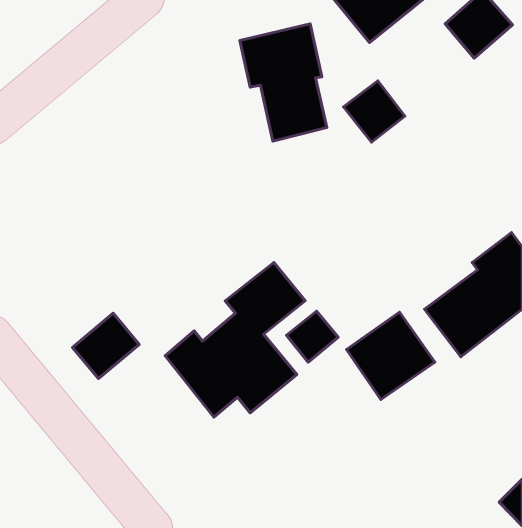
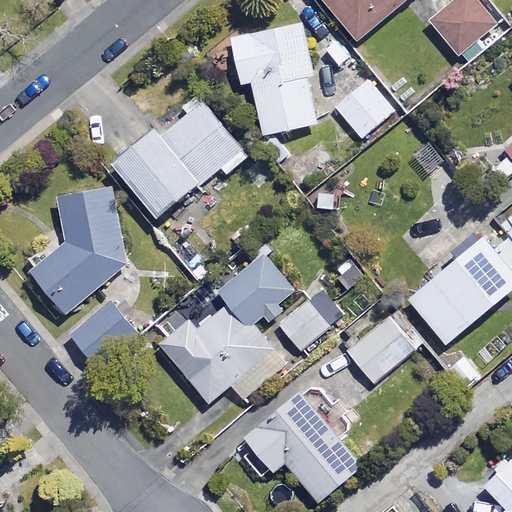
building: none -> [114,101,246,218]
building: none -> [30,184,129,313]
building: none -> [246,387,365,501]

